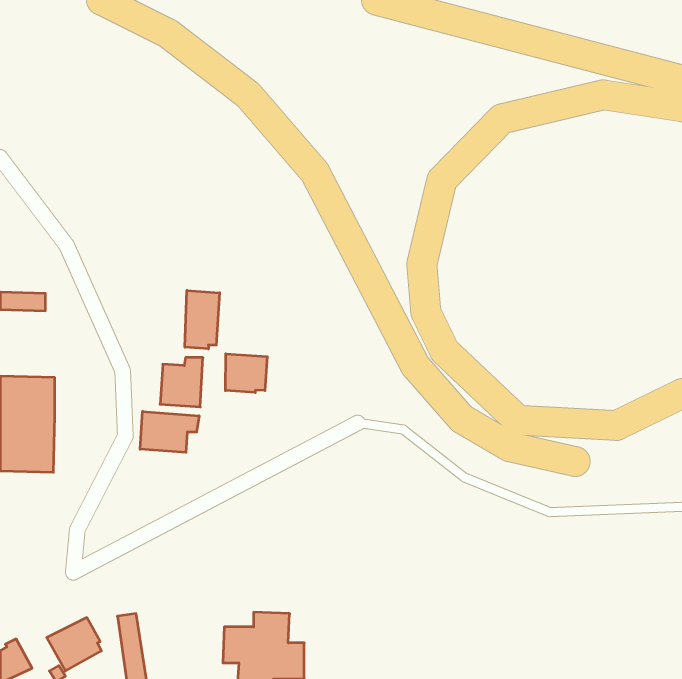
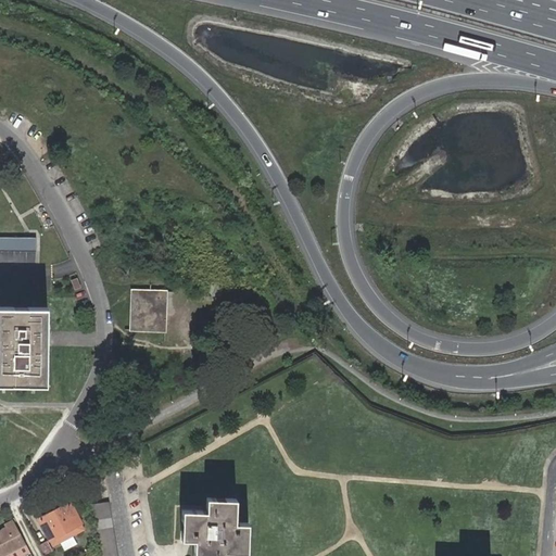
building: [185,290,220,349] -> none
building: [225,354,267,393] -> none
building: [140,411,199,452] -> none

